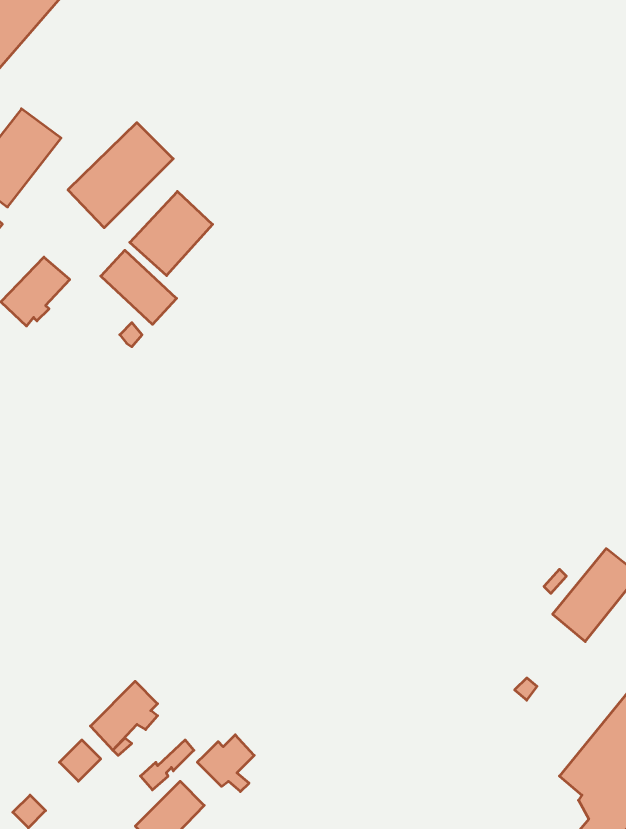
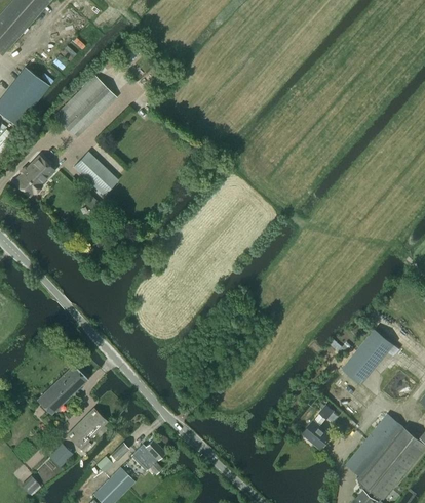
building: [130,191,213,276] -> none
building: none -> [37,365,87,415]
building: none -> [303,421,332,449]

